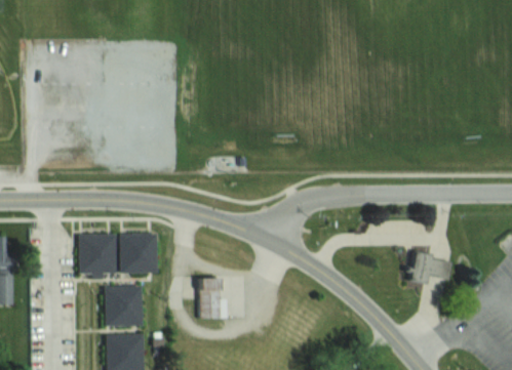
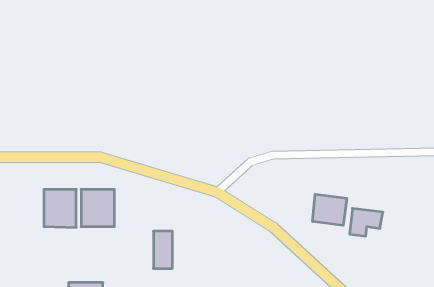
building: none -> [313,194,347,225]
building: [105,286,142,326] -> none

